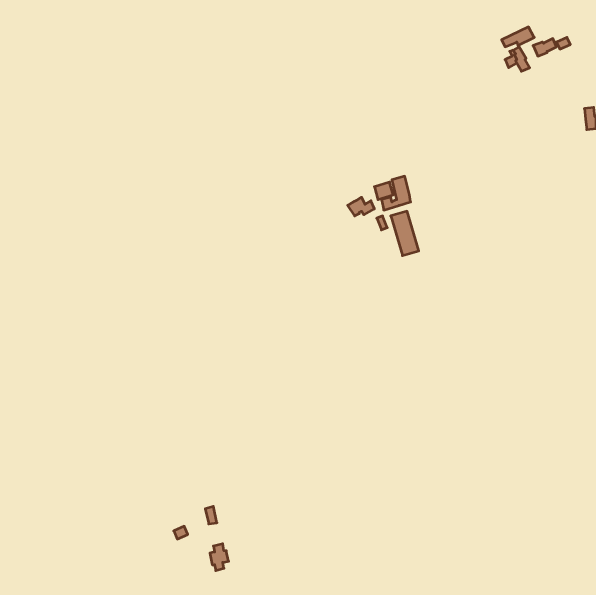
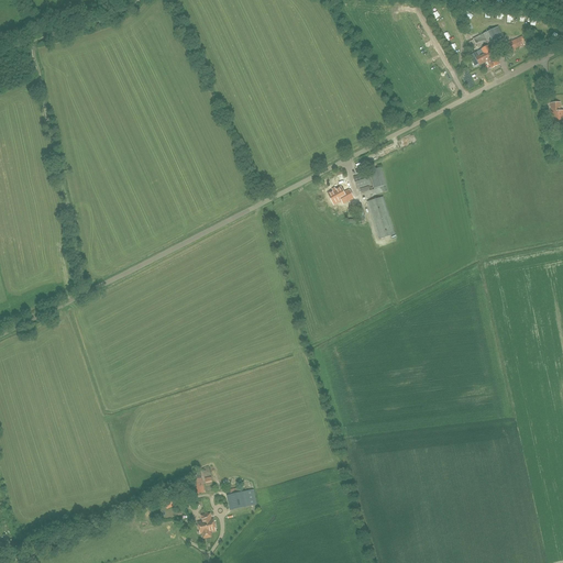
building: none -> [227,487,257,510]

